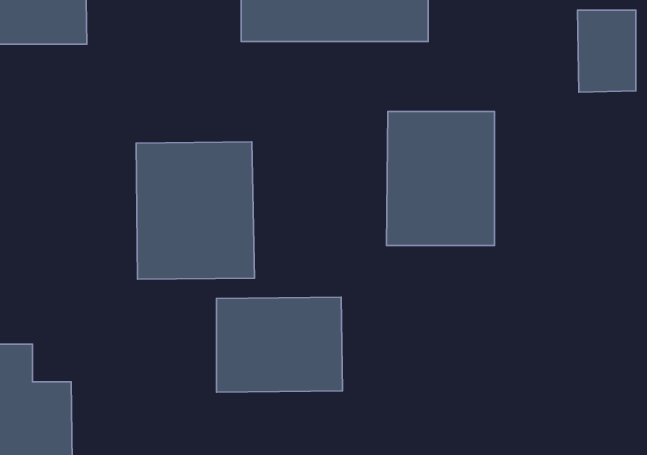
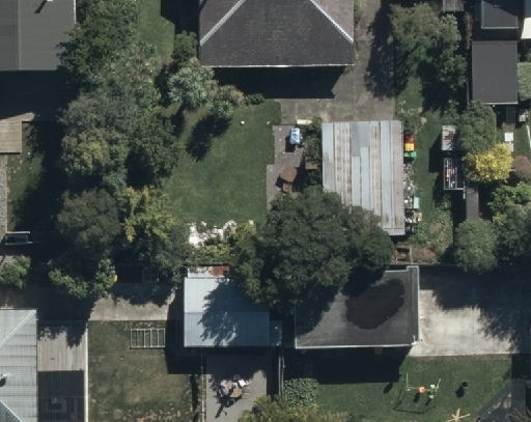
building: [136,142,255,279] -> none
building: none -> [292,269,417,345]

